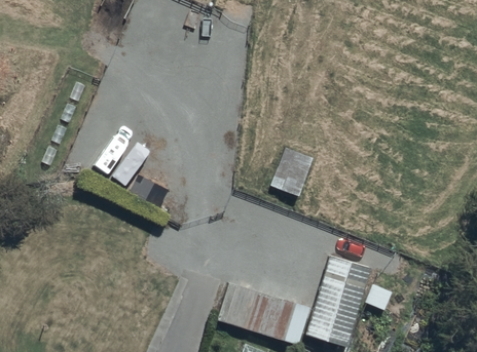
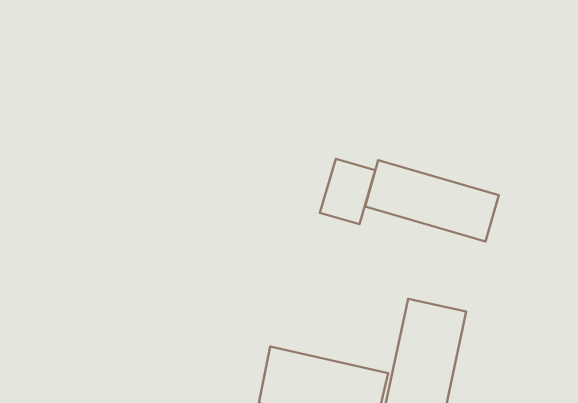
building: none -> [365,160,499,242]

